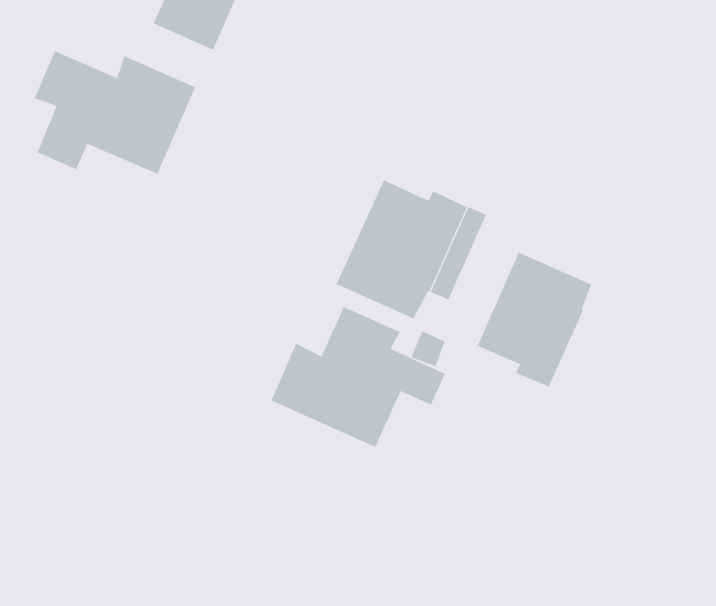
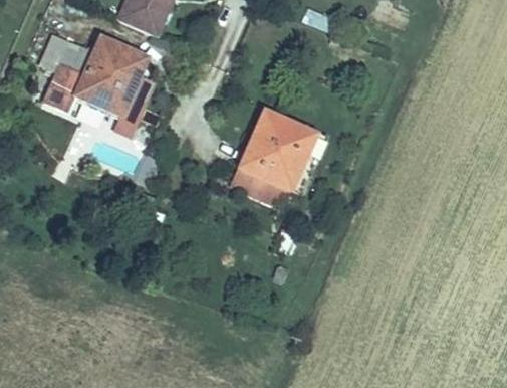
building: [477,252,592,388] -> none
building: [271,306,445,448] -> none

